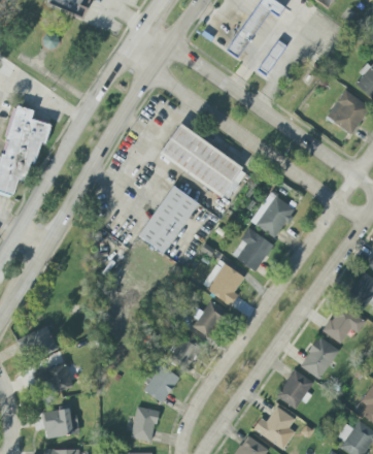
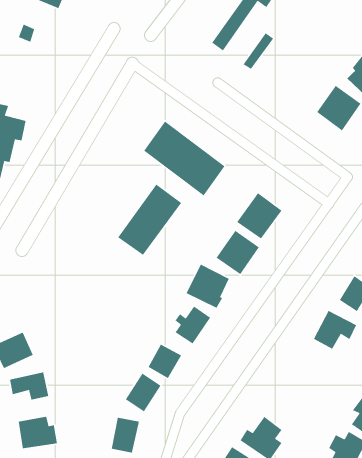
building: [299,336,339,379] -> none
building: [277,369,314,408] -> none

